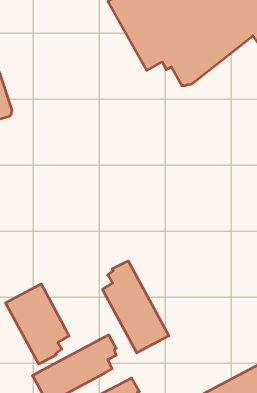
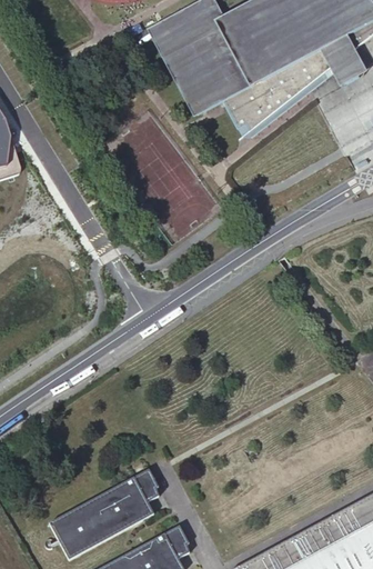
building: [103,261,169,353] -> none
building: [6,284,69,364] -> none

